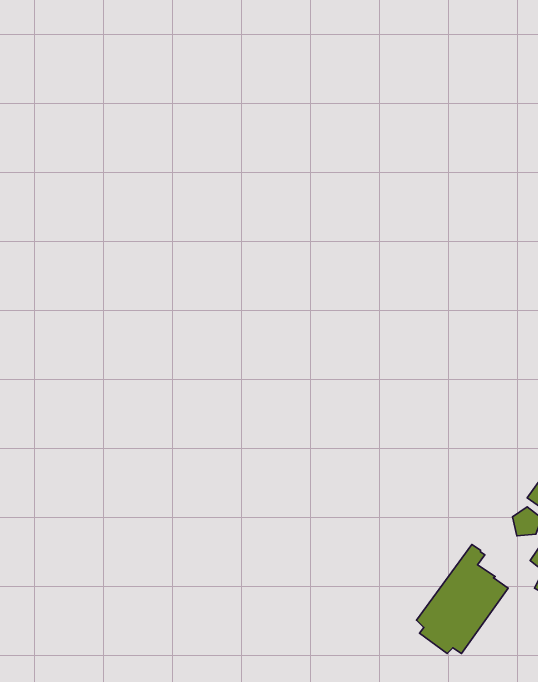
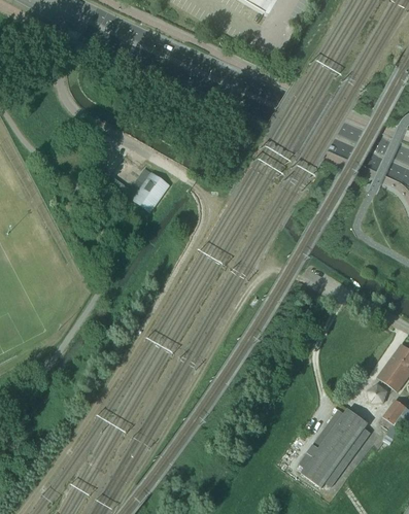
building: none -> [131,174,168,213]
building: none -> [342,408,370,440]

